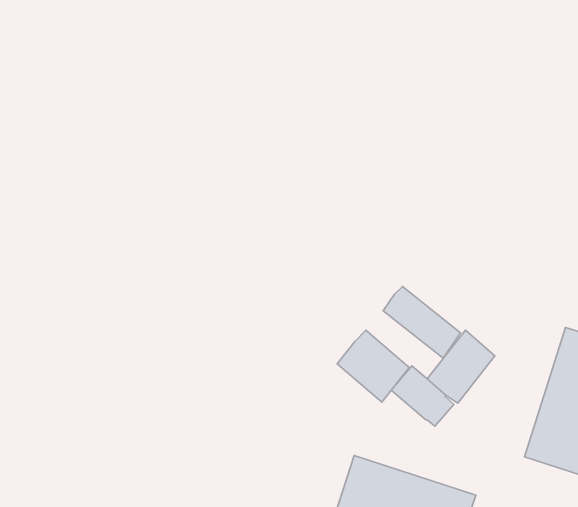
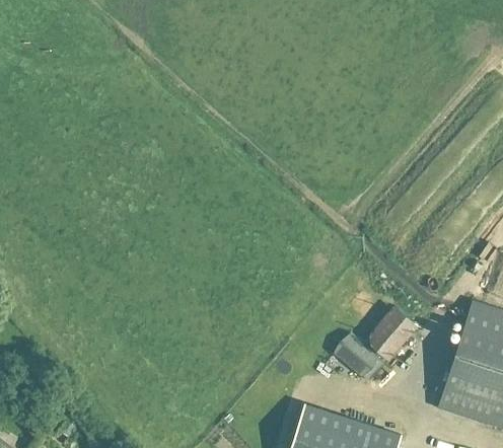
building: [383,287,461,358] -> none
building: [337,330,409,402] -> none

